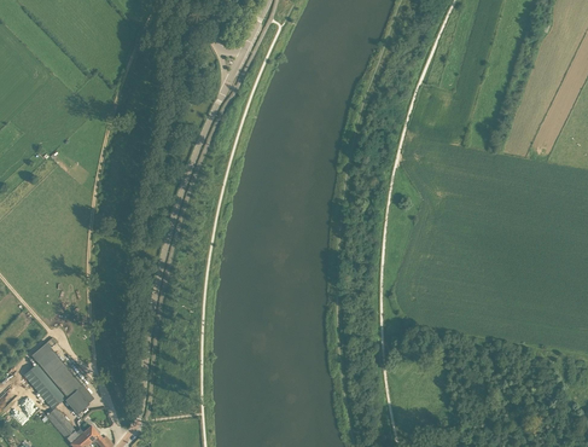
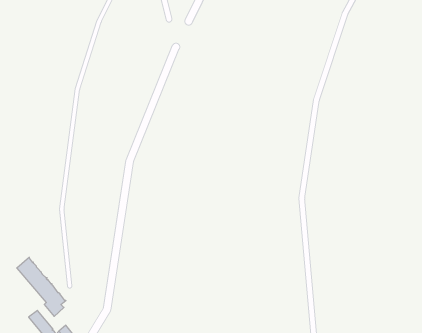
building: [24,365,65,408] -> none

